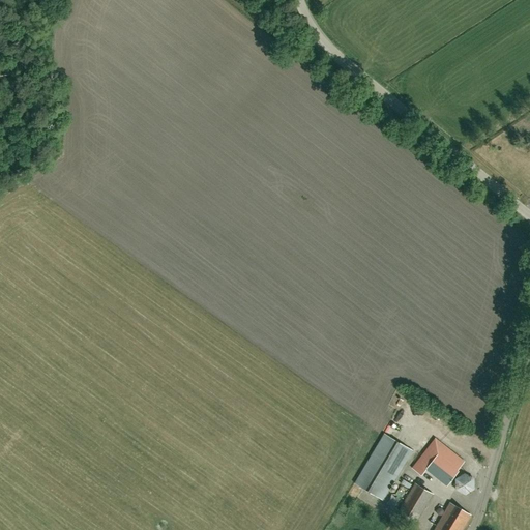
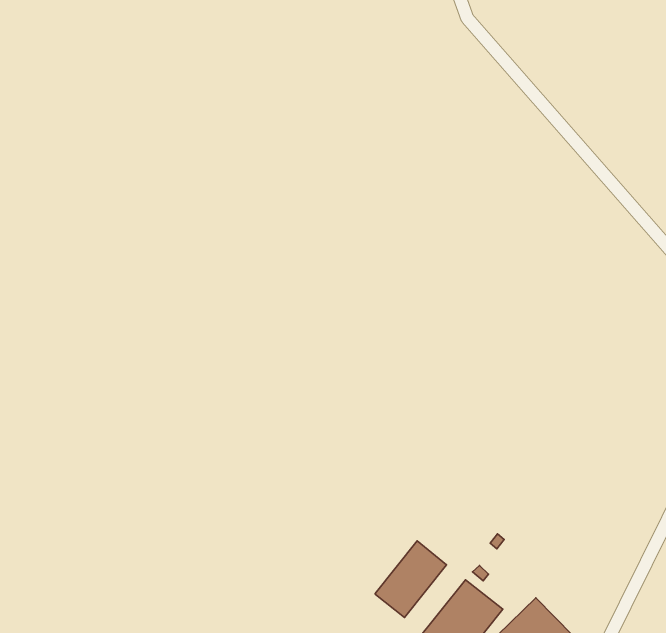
building: none -> [375,541,447,618]

